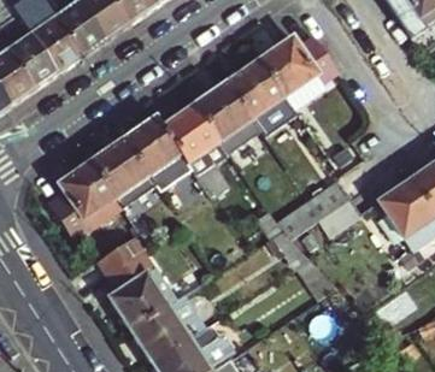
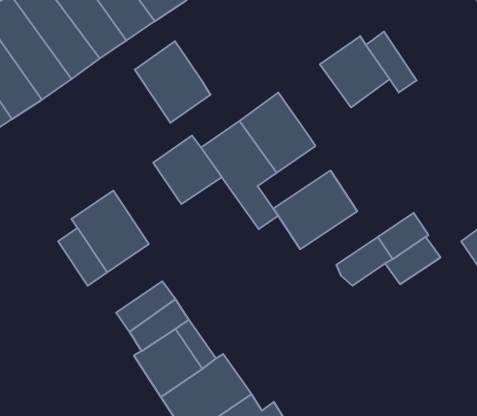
building: [228,60,287,119] -> none
building: [94,140,155,206] -> [135,41,211,123]
building: none -> [273,171,357,249]

